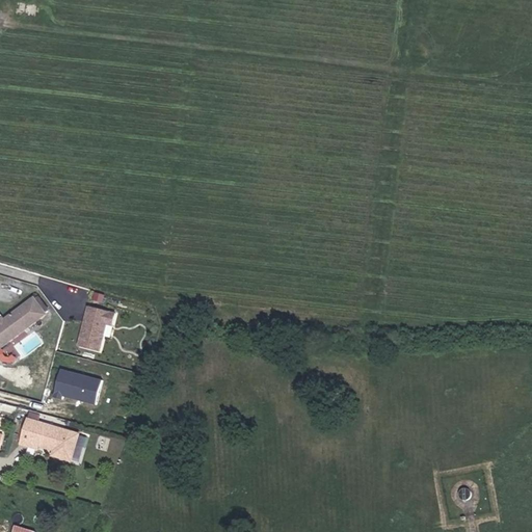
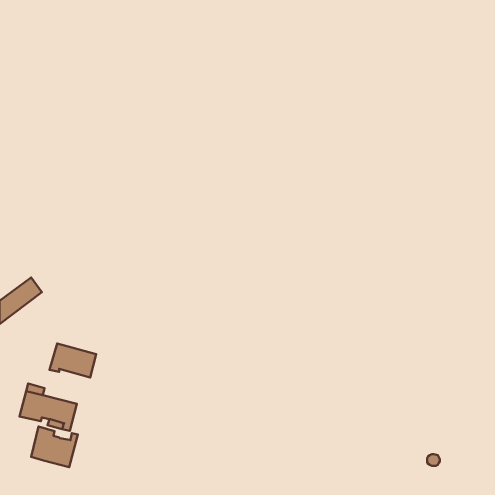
building: [77,307,112,350] -> none
building: none -> [31,426,78,467]

